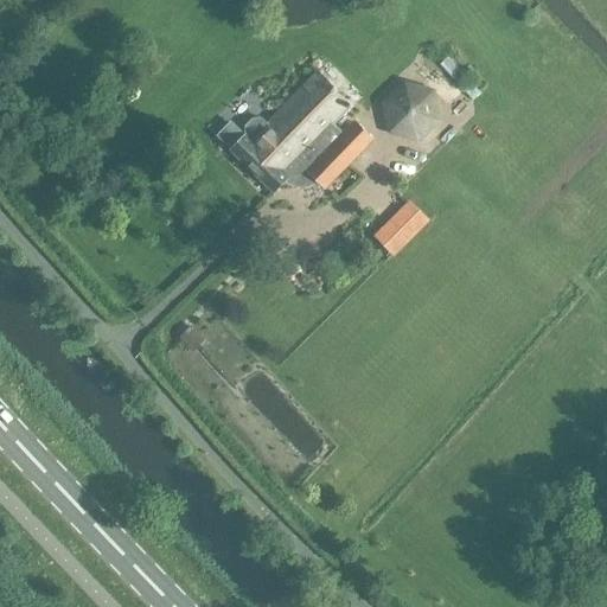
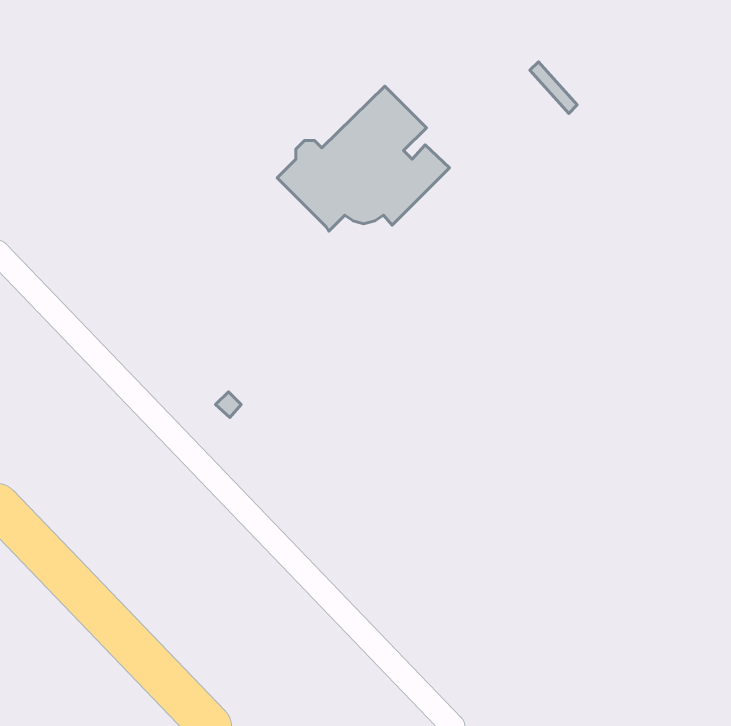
building: [382,81,440,139] -> none
building: [373,197,423,248] -> none

